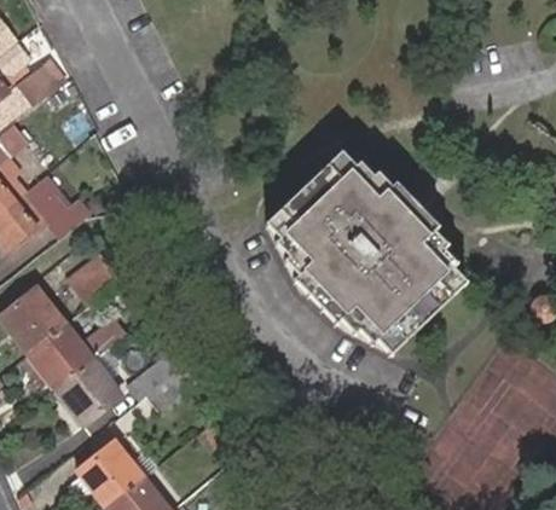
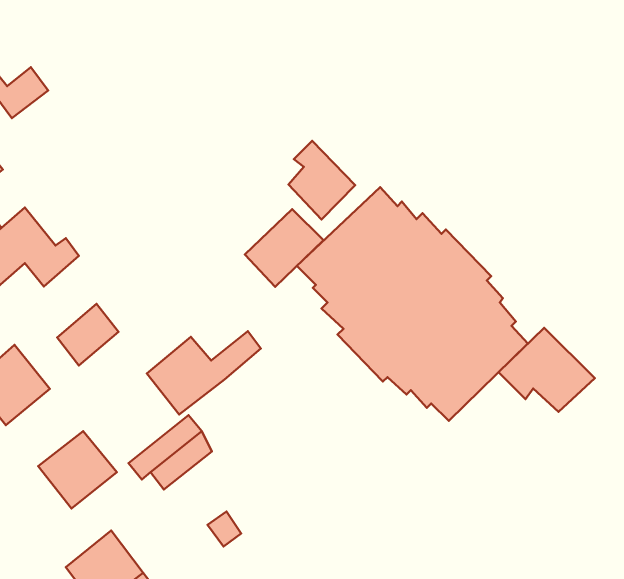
building: none -> [288,141,355,220]
building: none -> [245,209,323,287]
building: none -> [499,328,595,412]
building: [28,318,122,387] -> [147,331,261,414]

